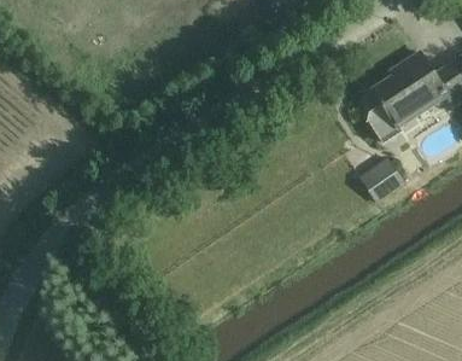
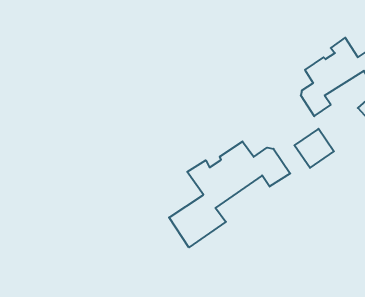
building: none -> [169,141,290,247]

